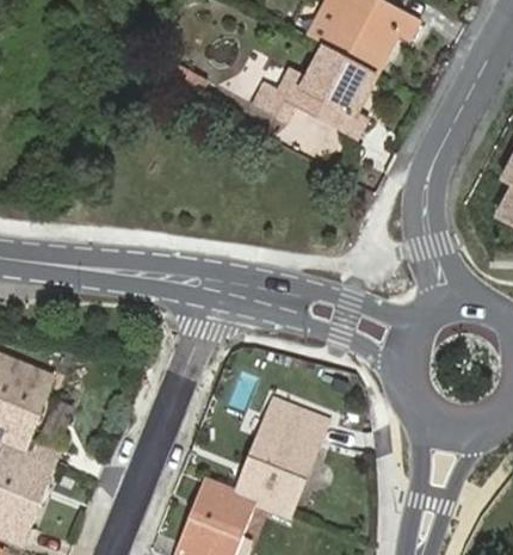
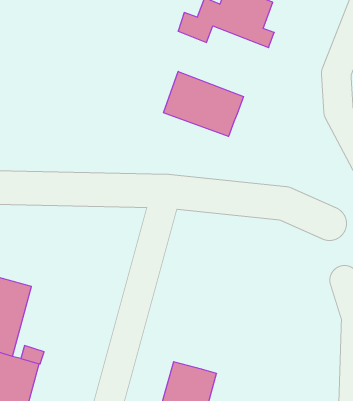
building: none -> [163,71,243,136]
building: [237,399,327,514] -> none

